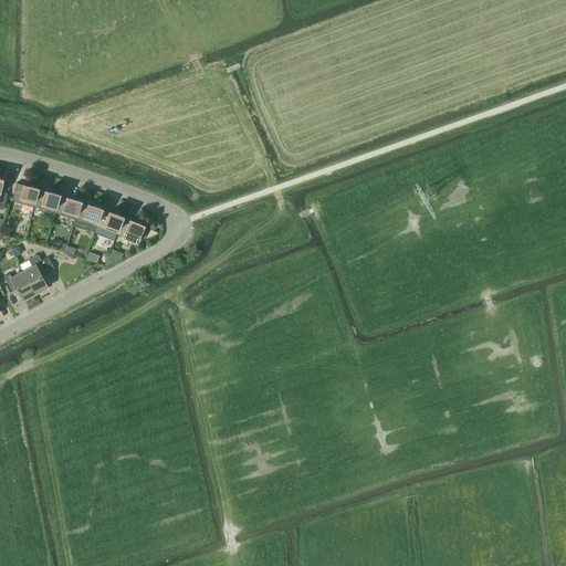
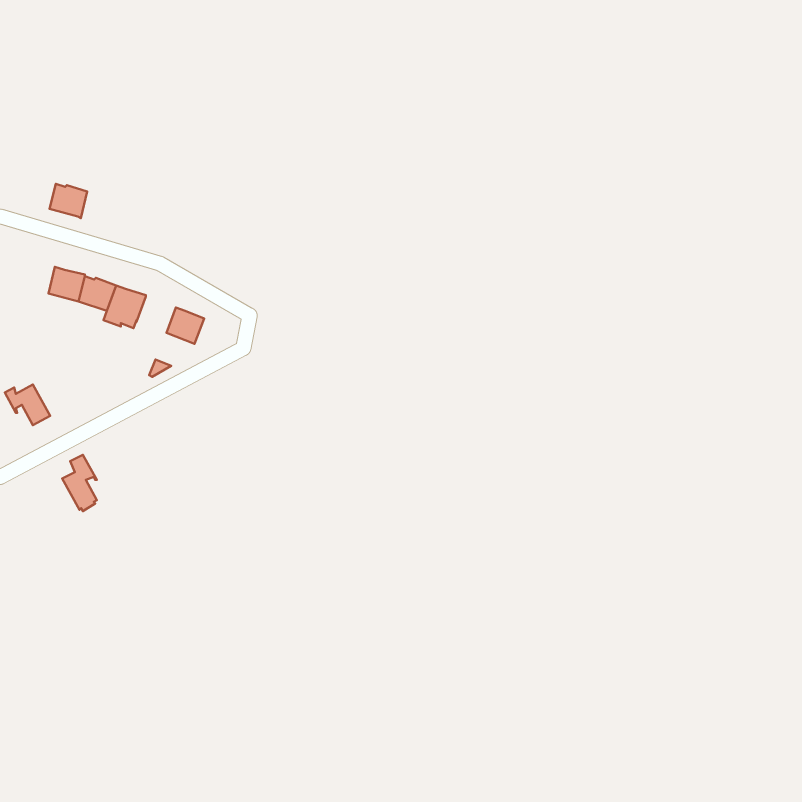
building: [12,182,39,207] -> [50,184,87,218]
building: [96,209,124,234] -> none
building: [23,254,48,294] -> [62,455,97,511]

